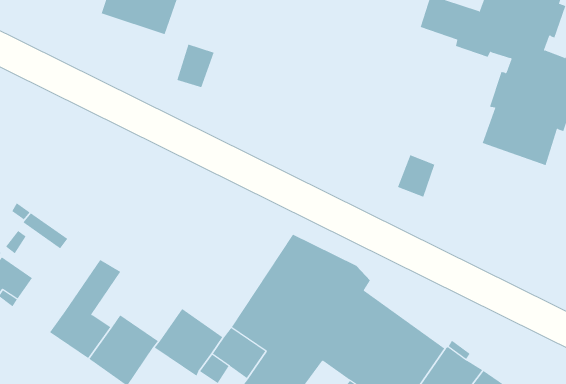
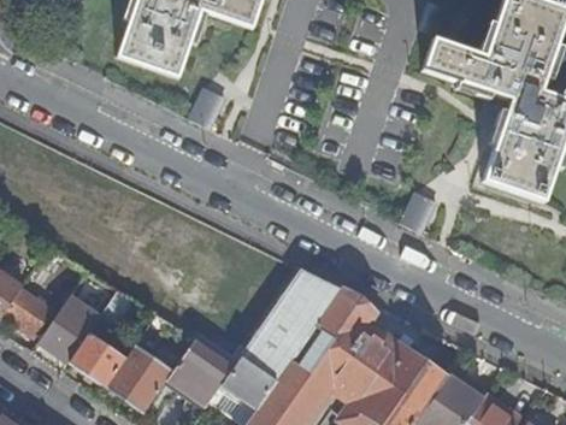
building: none -> [33,296,86,371]

